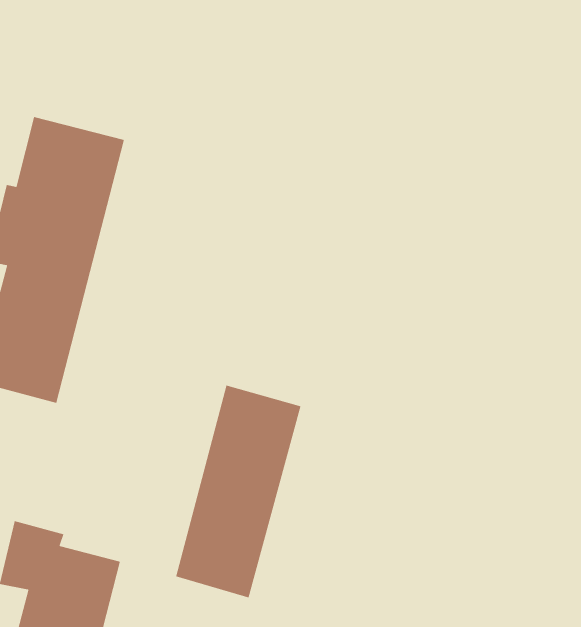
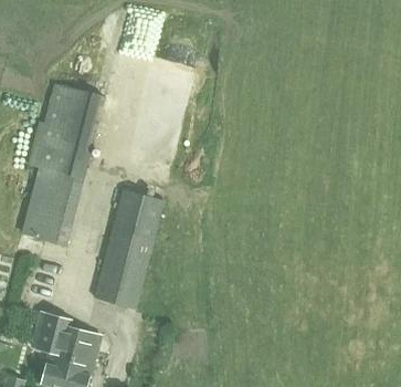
building: [175,385,302,598] -> [93,189,165,311]

